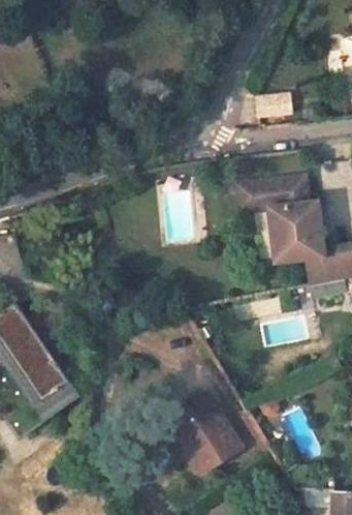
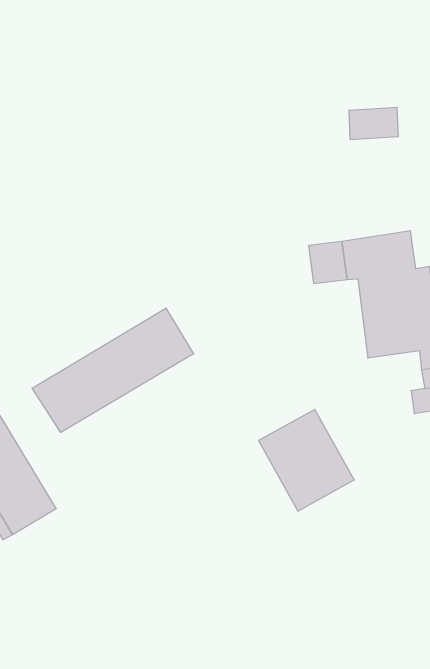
building: none -> [32,308,194,432]
building: [174,402,242,473] -> [259,409,354,511]

